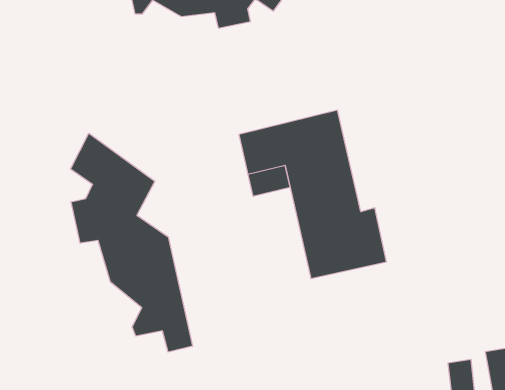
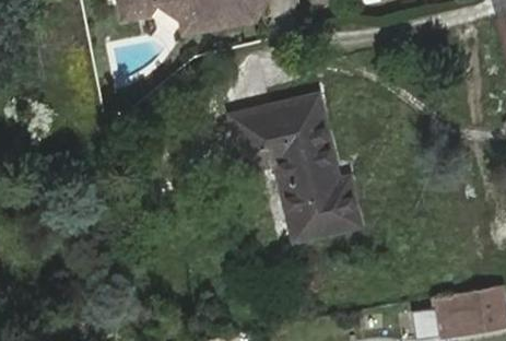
building: [70,133,193,352] -> none

